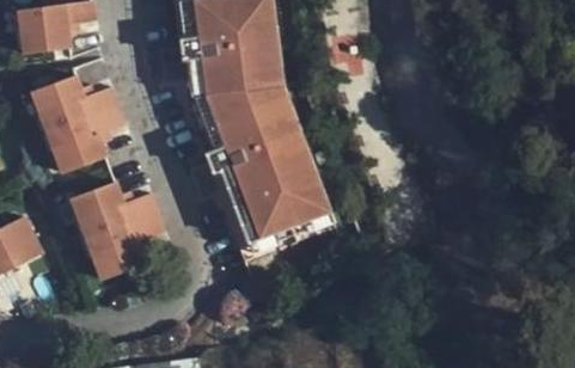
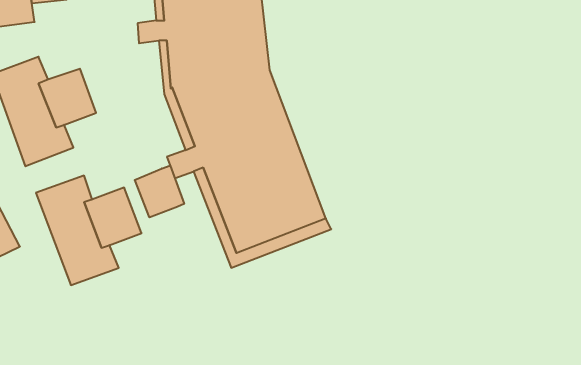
building: none -> [135,166,184,217]

